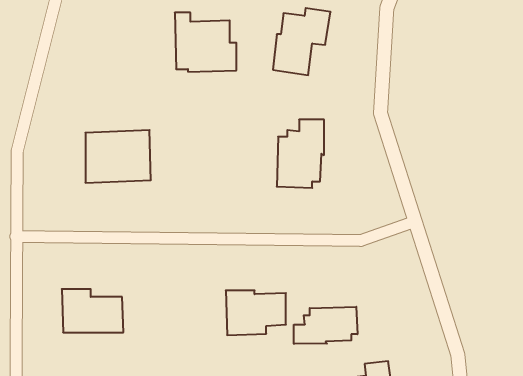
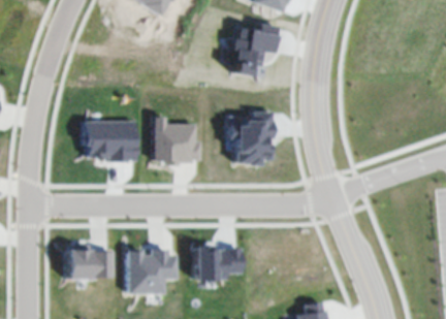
building: [175,13,236,72] -> [154,117,202,163]
building: none -> [127,250,179,293]
building: [294,307,357,344] -> none

